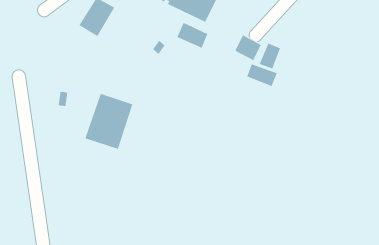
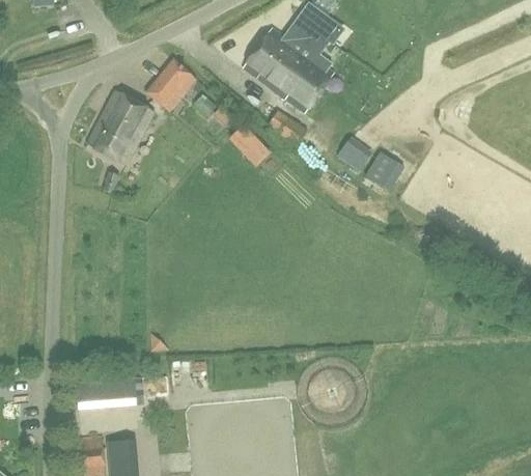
building: [246,64,278,87] -> none
building: [85,93,133,149] -> [86,89,155,164]

